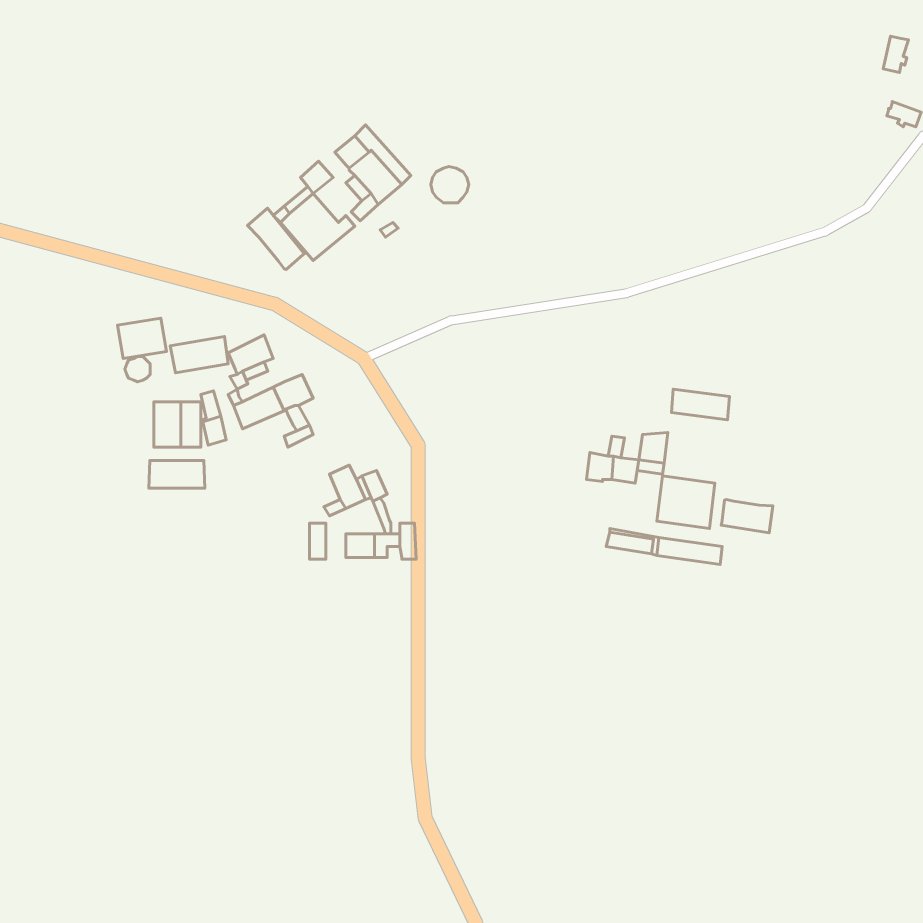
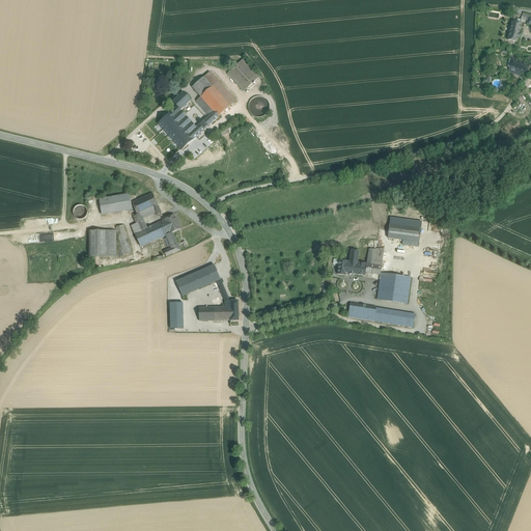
building: none -> [226,59,257,90]
building: [247,208,305,270] -> none
building: [118,318,166,359] -> none
building: [149,460,205,488] -> none
building: [721,499,773,533] -> none

